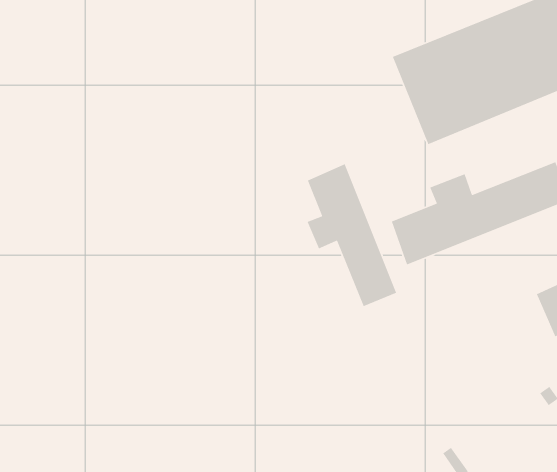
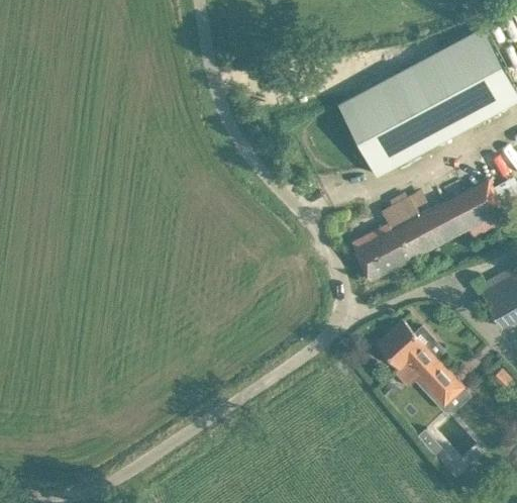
building: [307,163,397,307] -> none
building: none -> [377,321,462,405]

